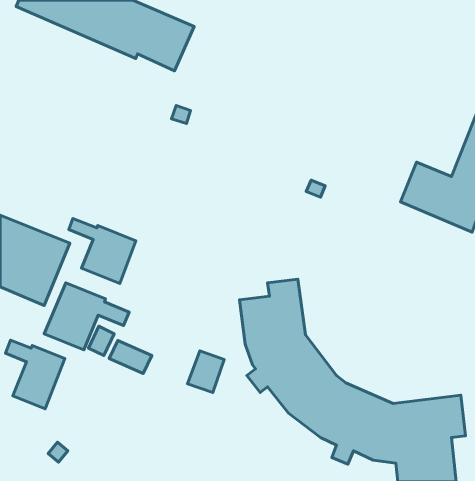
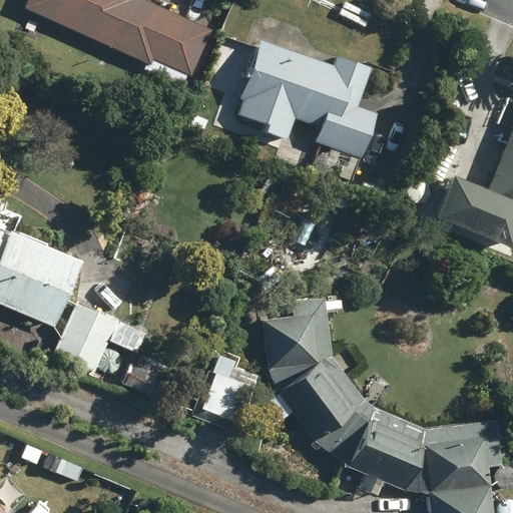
building: none -> [239,40,377,180]
building: [69,219,136,284] -> none
building: [6,340,65,409] -> none

